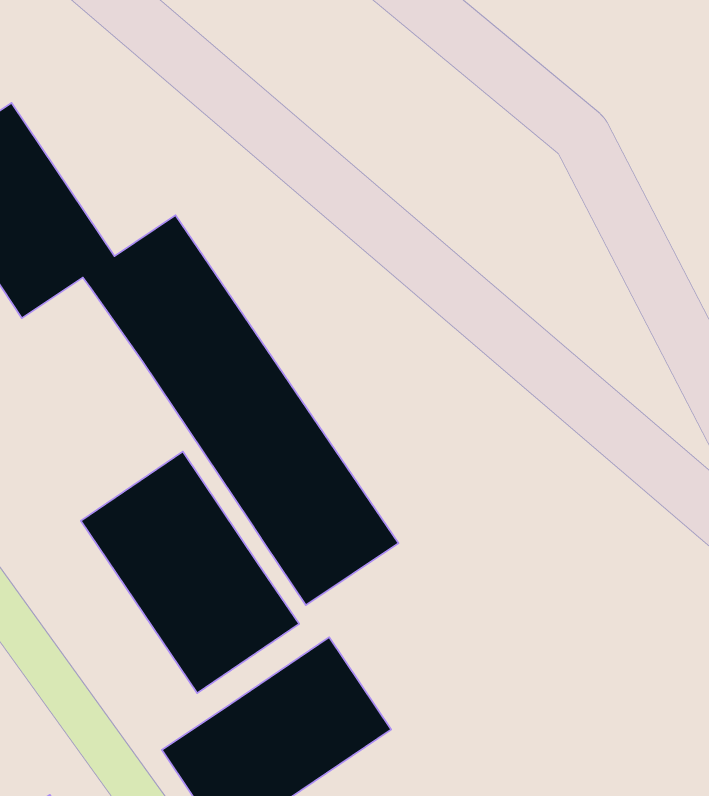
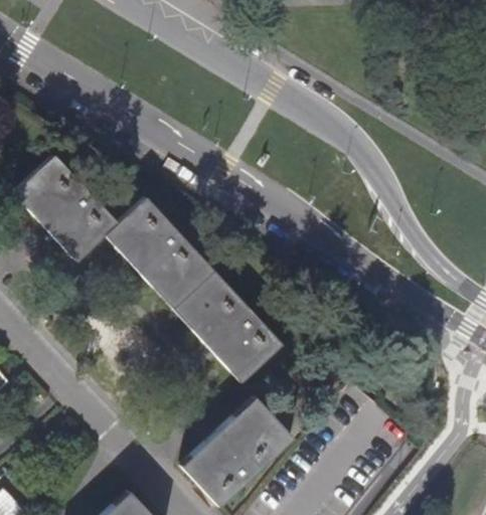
building: [81,451,299,693] -> none

